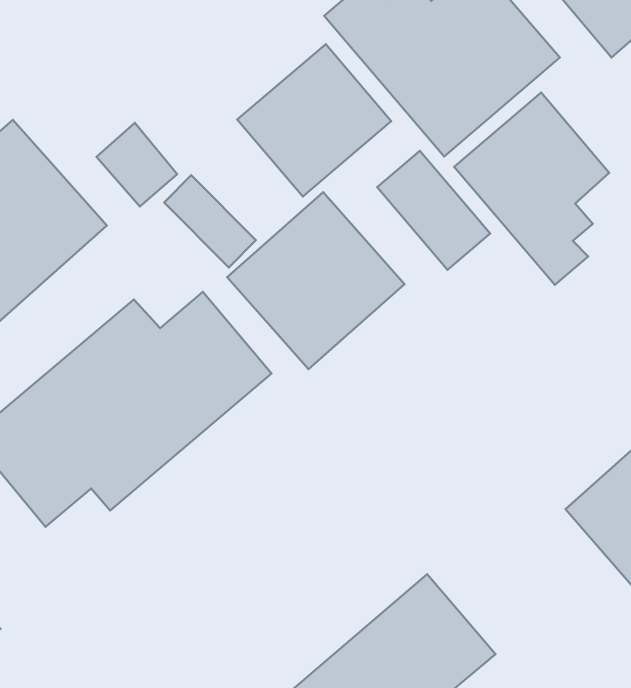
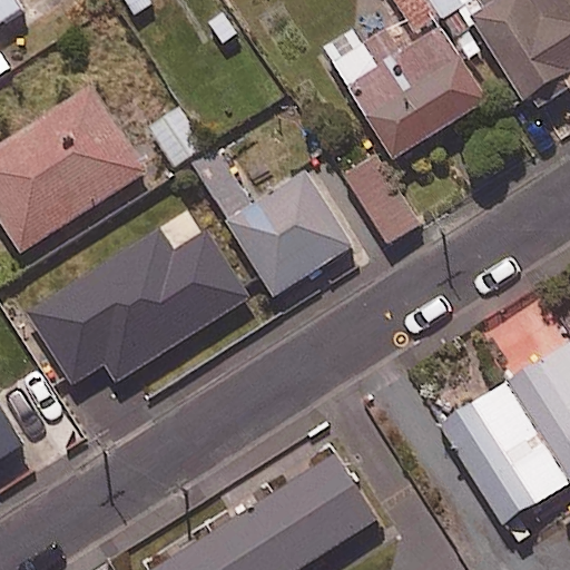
building: [237,44,391,196] -> none
building: [454,93,609,285] -> none

